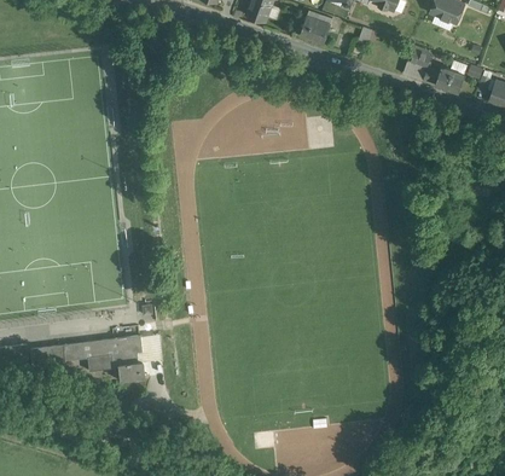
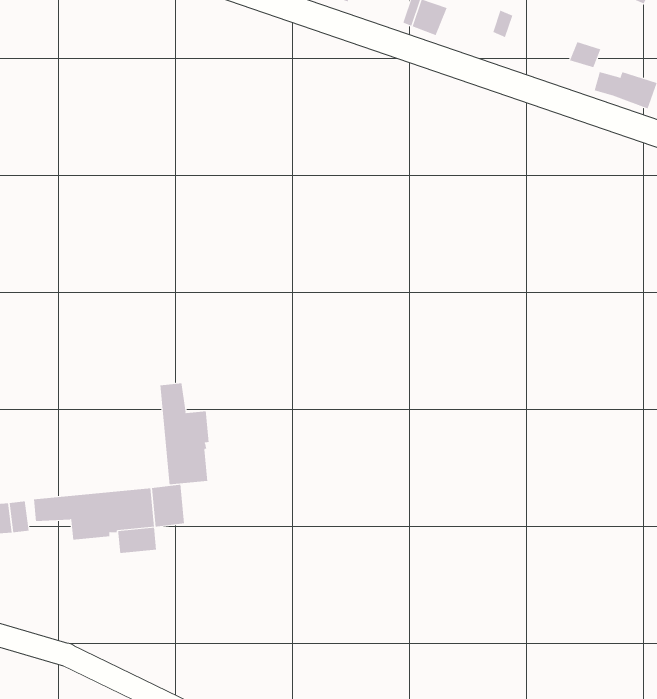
building: none -> [160,383,209,485]

